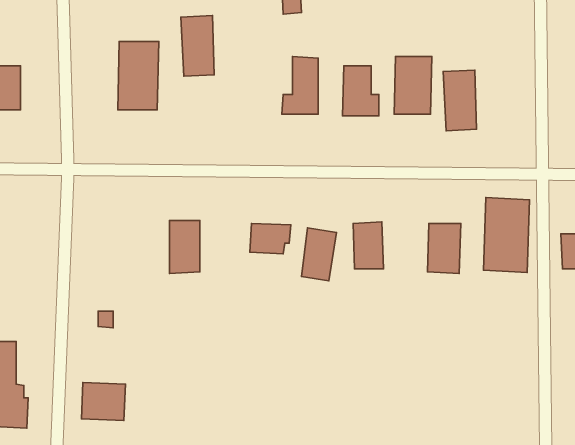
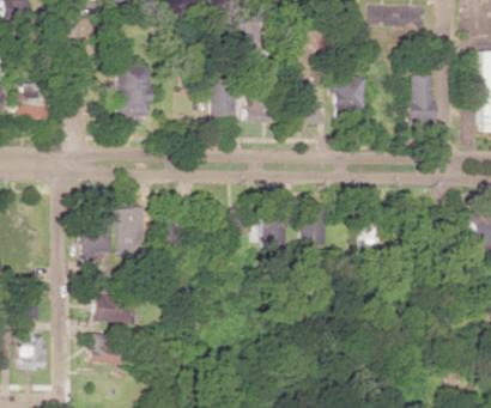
building: [181,16,214,76] -> [211,74,237,122]
building: [443,70,476,131] -> [410,74,436,122]
building: [483,198,529,273] -> none
building: none -> [83,206,113,257]
building: none -> [119,207,144,246]
building: none -> [95,296,133,322]

